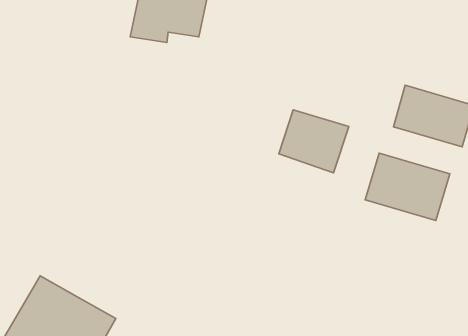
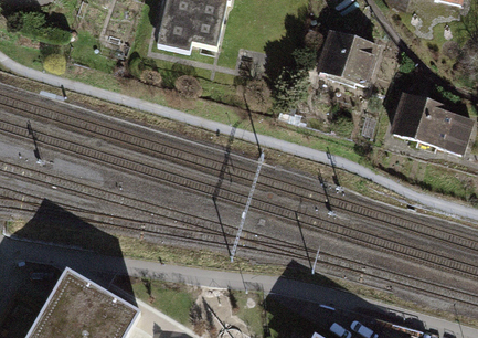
building: [279,110,349,173] -> [311,29,376,87]
building: [365,153,450,220] -> none

